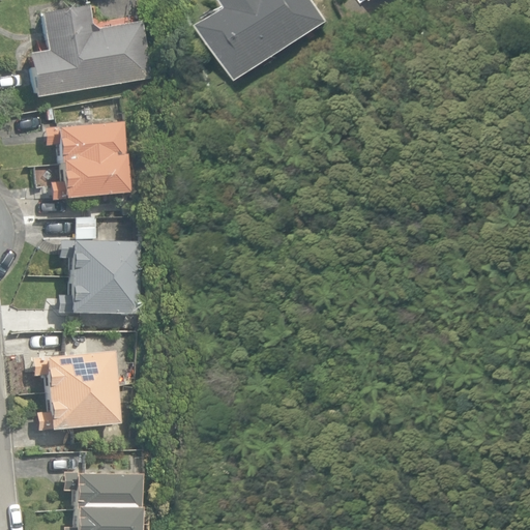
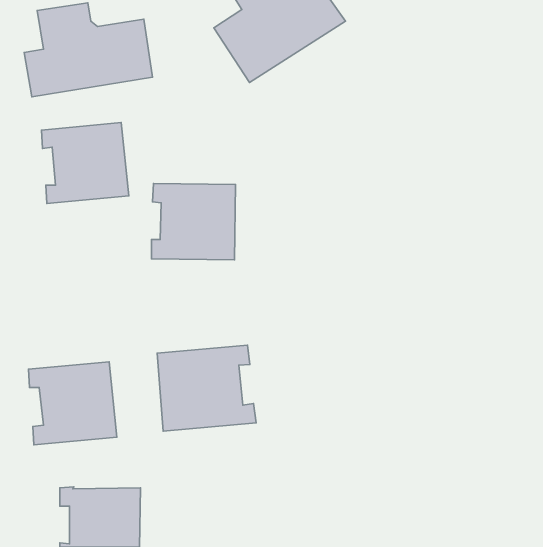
building: [59,240,140,314] -> [151,183,235,260]
building: none -> [157,345,256,431]

